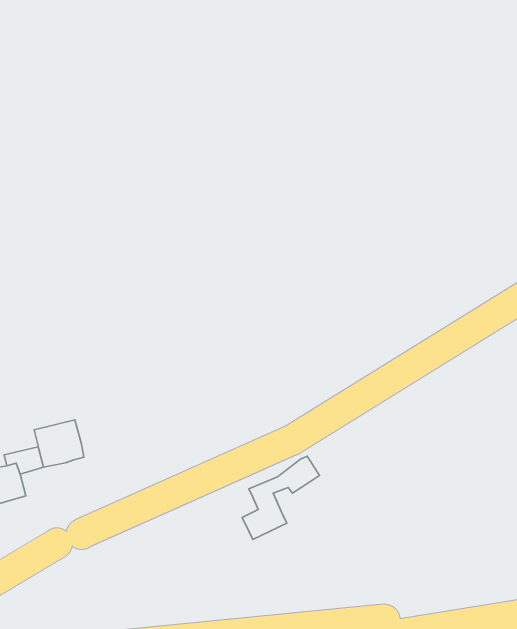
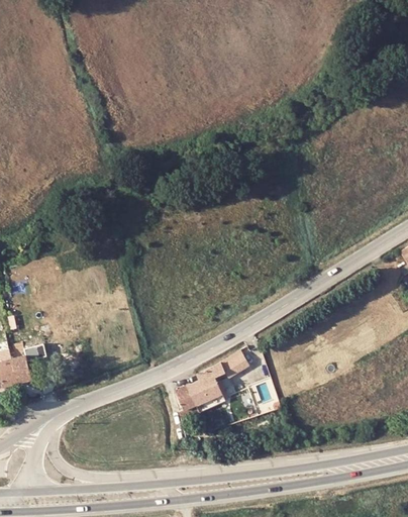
building: [34,420,84,467] -> none
building: none -> [178,380,205,409]

